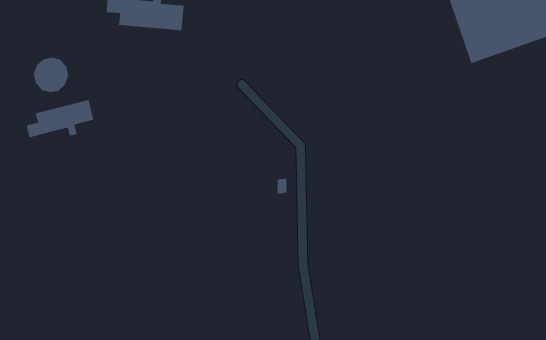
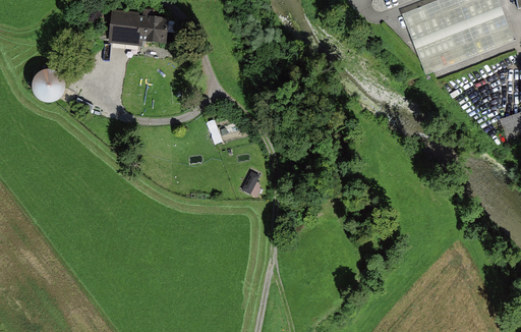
building: [26,99,94,138] -> none

